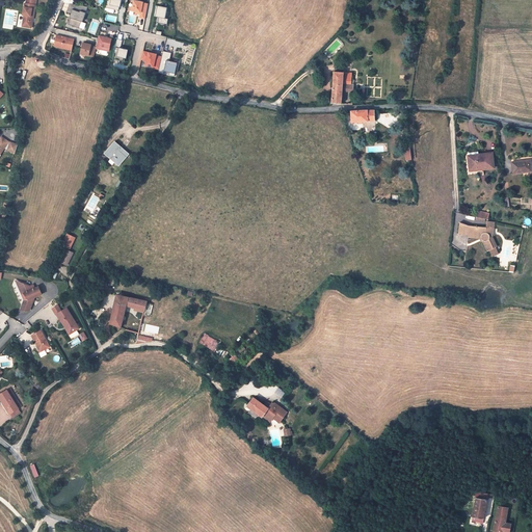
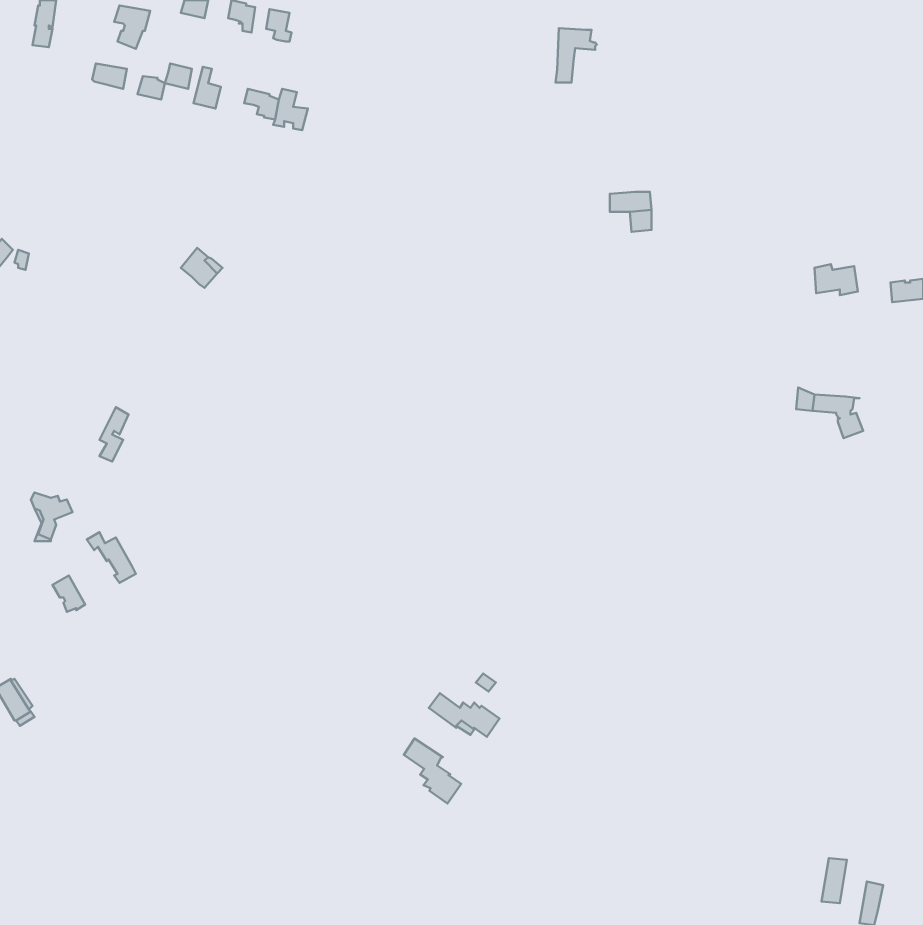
building: [330,72,354,103] -> [555,28,597,82]
building: [109,295,145,327] -> none
building: none -> [404,739,461,803]

